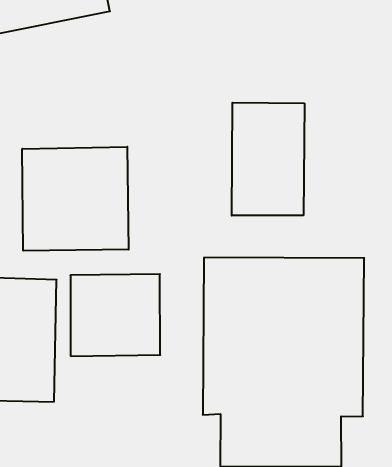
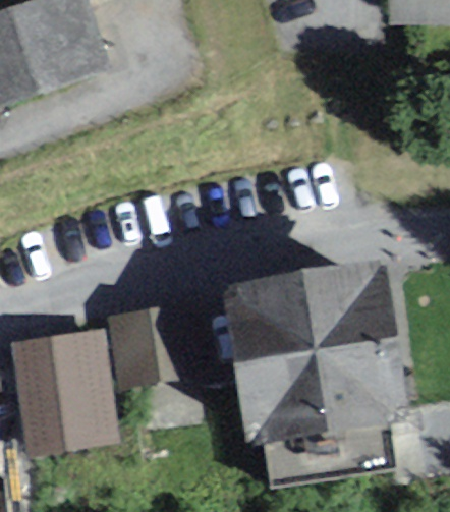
building: [232,103,304,216] -> none
building: [22,147,129,251] -> none

